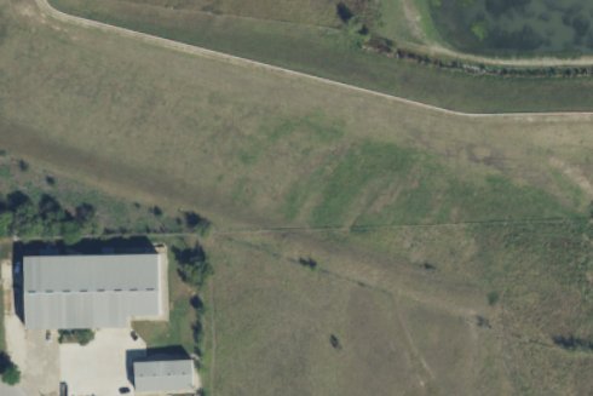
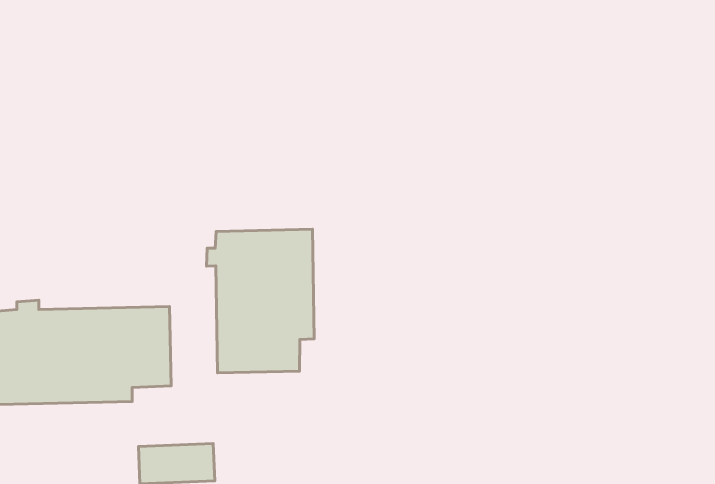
building: none -> [206,229,314,373]

